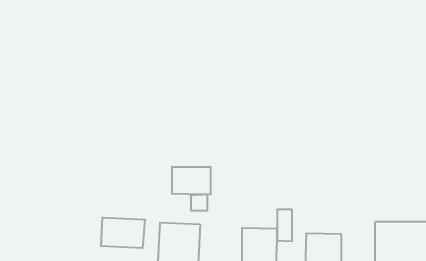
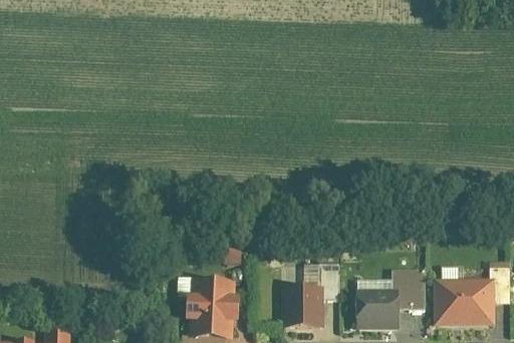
building: [172,167,211,195] -> none
building: none -> [397,269,426,307]
building: [101,217,145,248] -> none

